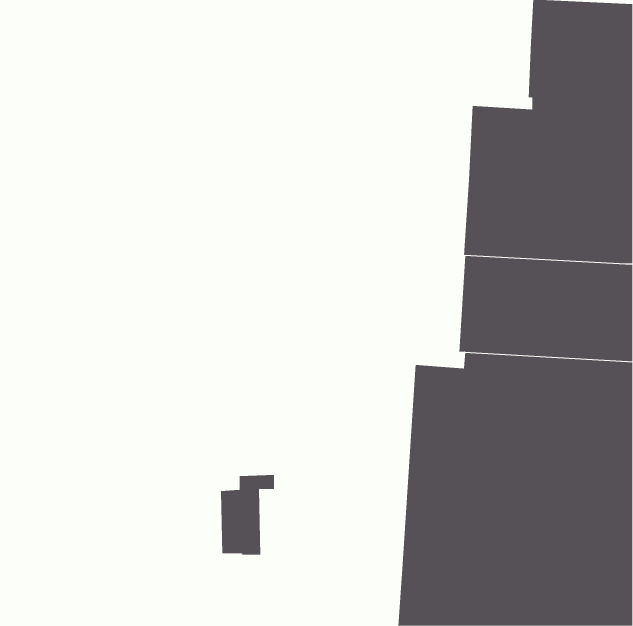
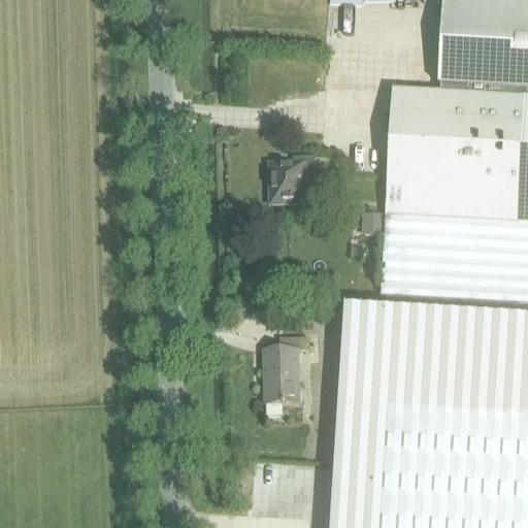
building: none -> [271,154,317,201]
building: [220,475,275,555] -> [265,335,310,402]

